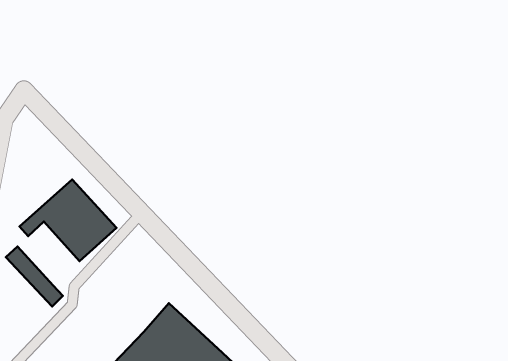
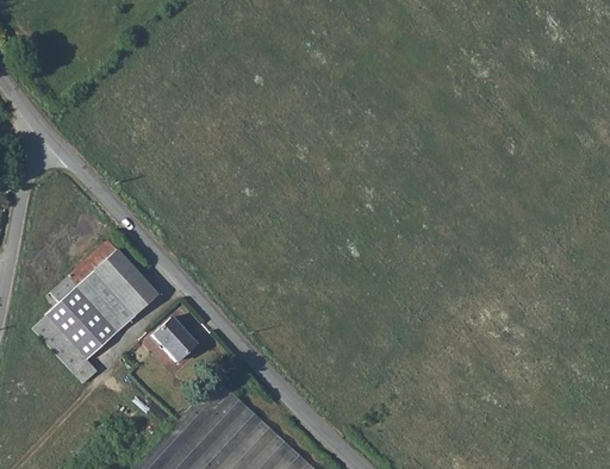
building: none -> [49,292,119,364]
building: none -> [155,321,198,367]

